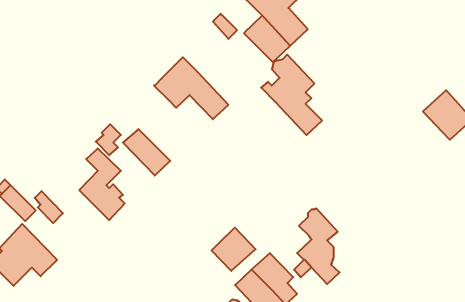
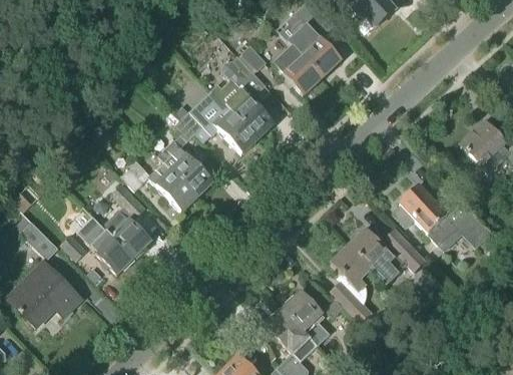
building: [261,55,322,135] -> [211,55,275,138]
building: none -> [159,118,213,197]
building: none -> [393,186,493,251]
building: none -> [78,217,135,274]
building: none -> [350,228,427,286]
building: [212,228,256,271] -> none

